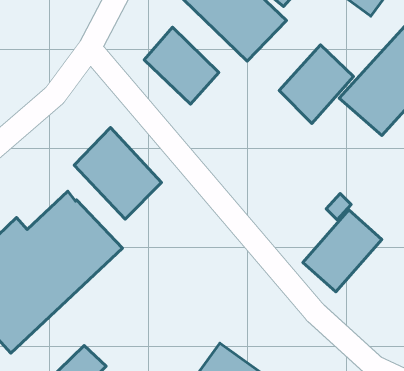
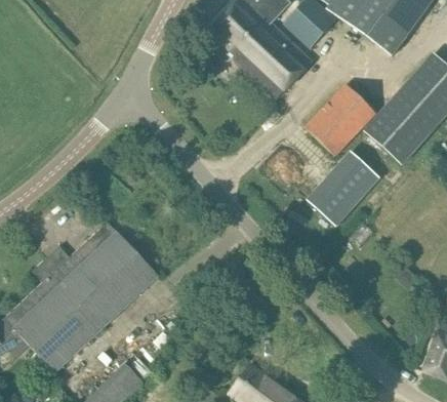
building: [144,27,219,104] -> none
building: [74,127,161,219] -> none
building: [303,210,382,292] -> [306,150,379,227]

